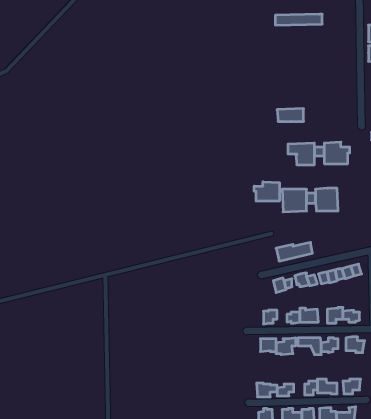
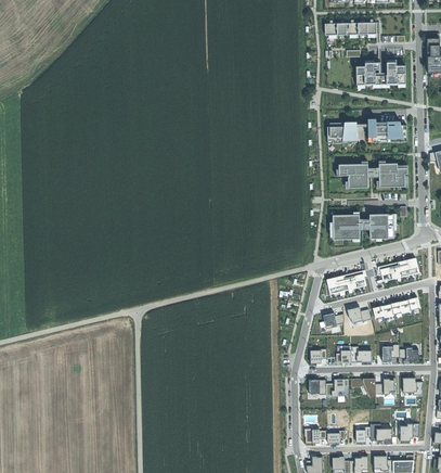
building: none -> [355,61,405,85]
building: none -> [367,125,406,142]
building: [254,182,279,201] -> none
building: none -> [379,257,418,281]

